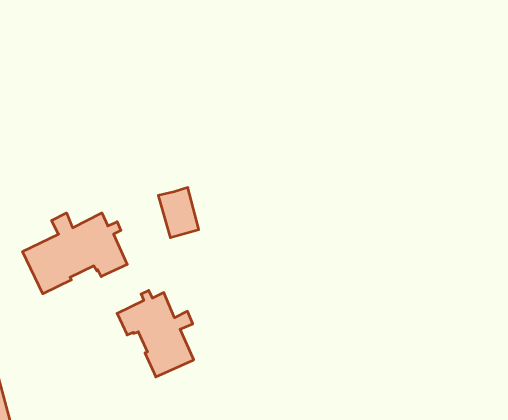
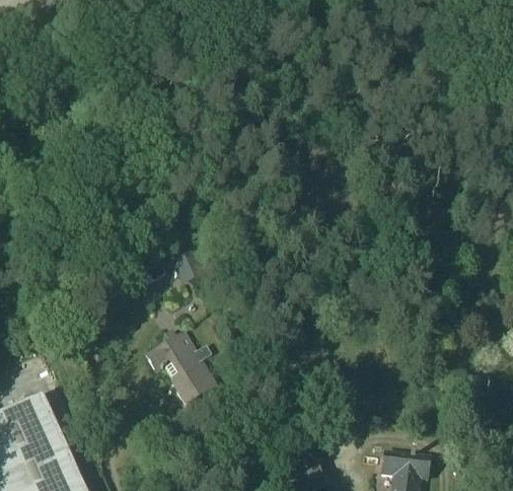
building: [23,213,127,294] -> none

